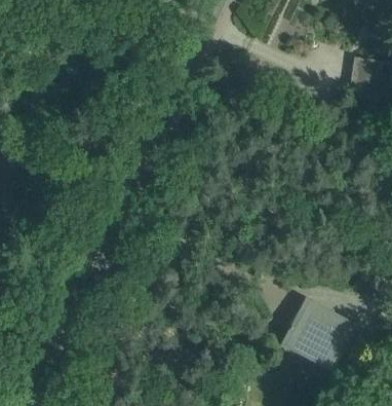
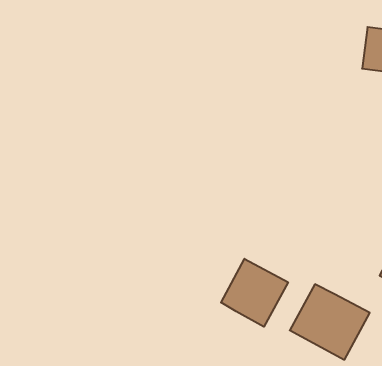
building: none -> [221,259,288,327]

